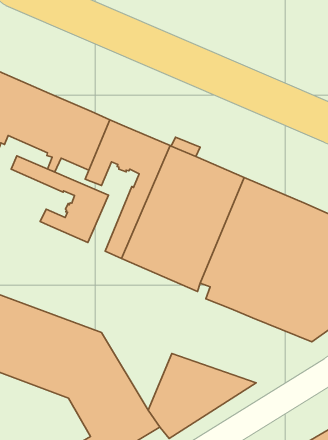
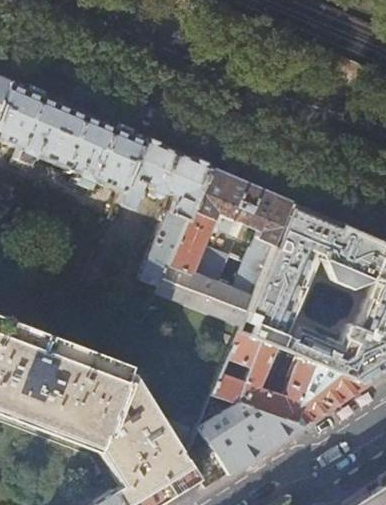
building: [11,156,108,243] -> none
building: none -> [211,331,371,427]

